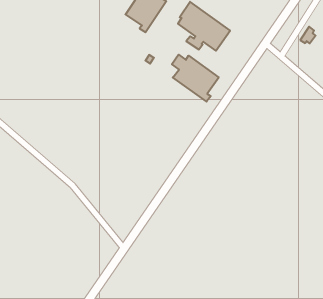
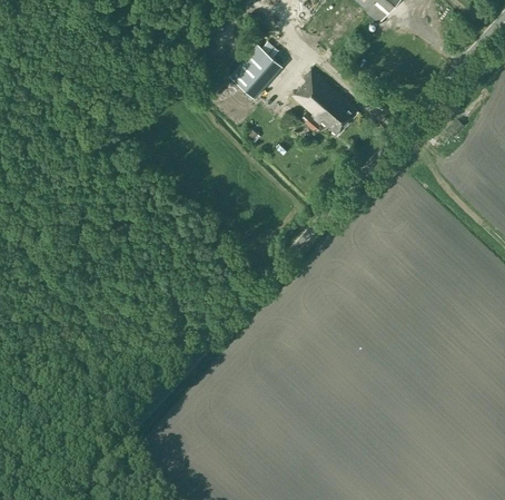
building: [172,55,219,102] -> none

